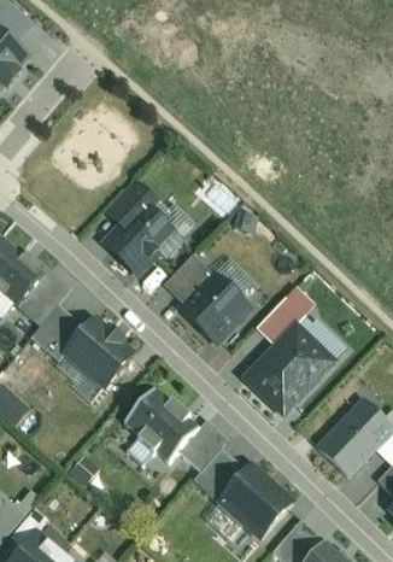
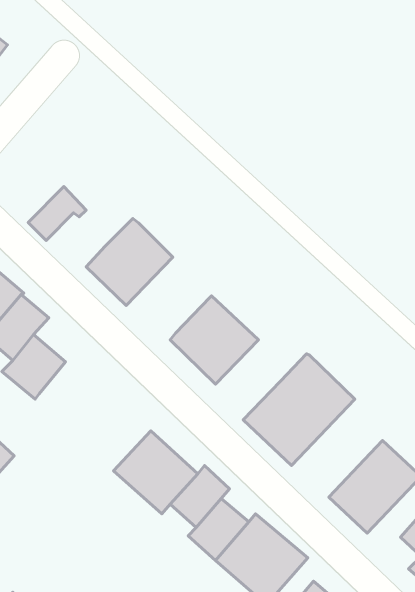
building: [102,181,153,228] -> [28,187,86,240]
building: [160,254,210,304] -> none
building: [253,287,313,346] -> none
building: [60,317,135,392] -> none

